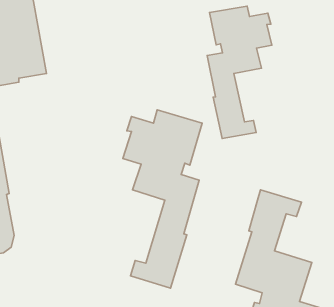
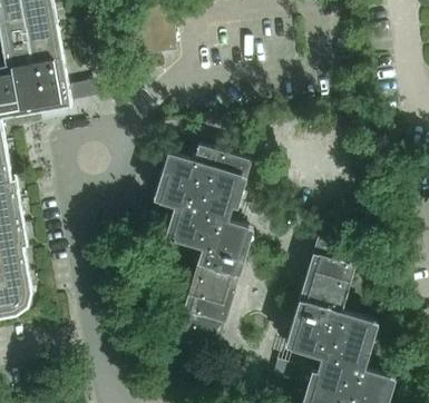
building: [207,6,272,139] -> none

